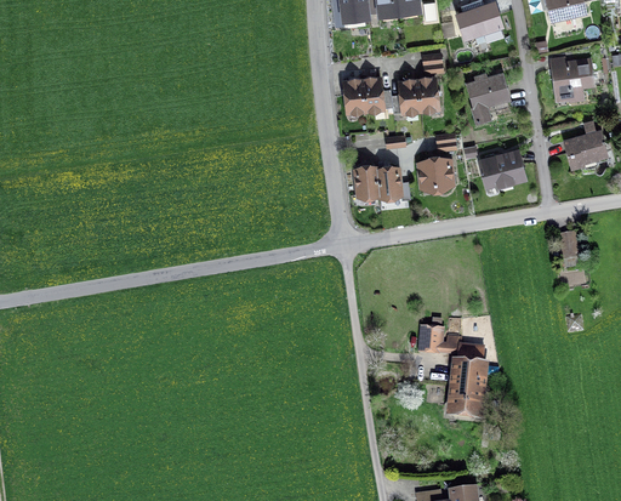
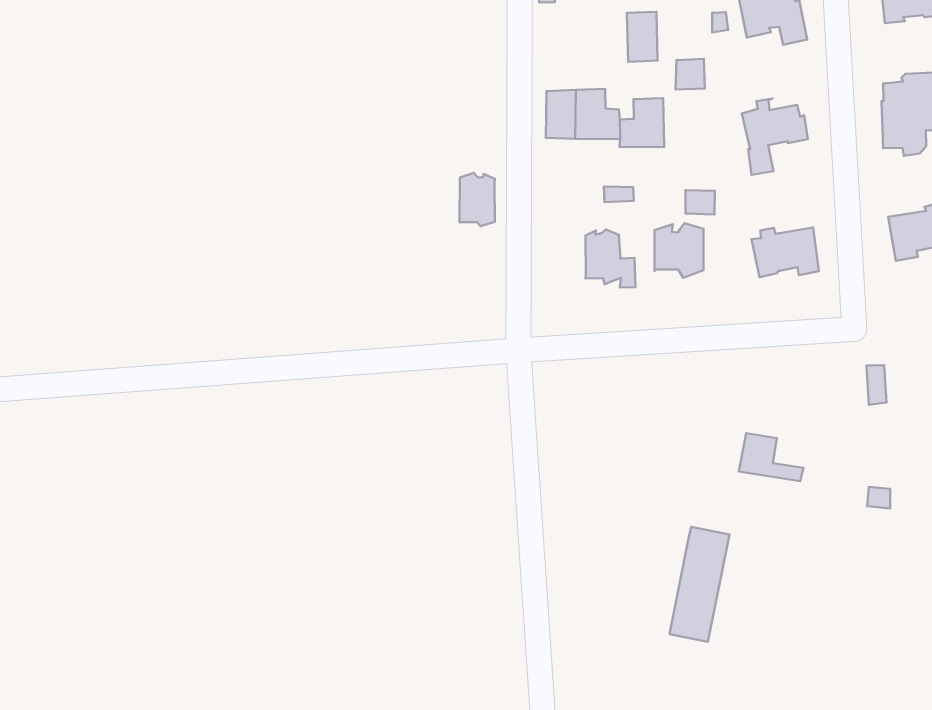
building: [417,78,439,110] -> [627,12,658,62]
building: [355,165,380,198] -> [459,173,495,226]
building: [420,326,460,353] -> [739,433,804,481]

